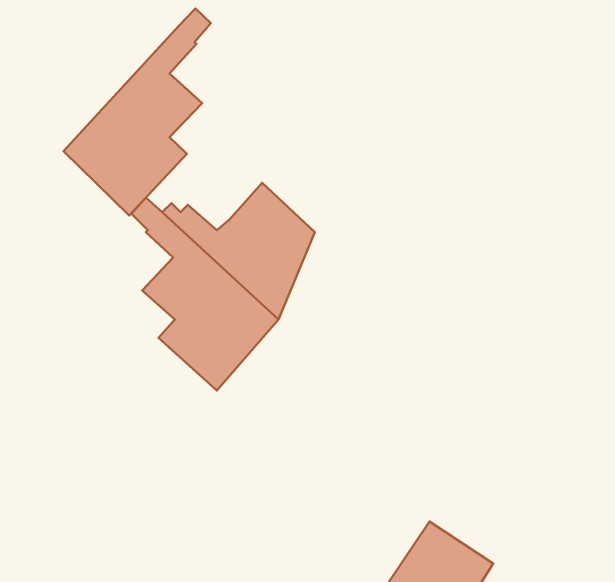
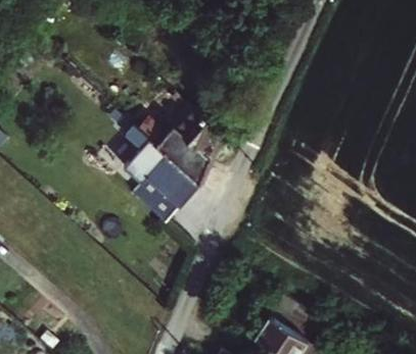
building: [63,8,211,216] -> none

